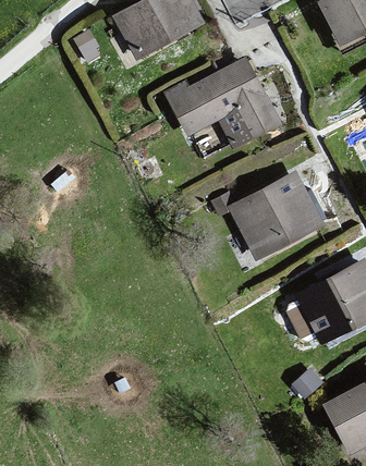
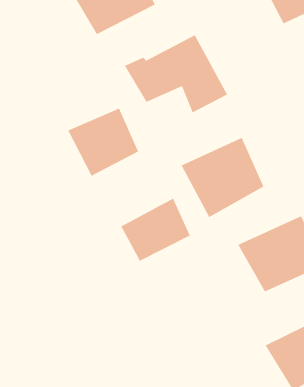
building: none -> [67,108,139,177]
building: none -> [120,197,191,262]

